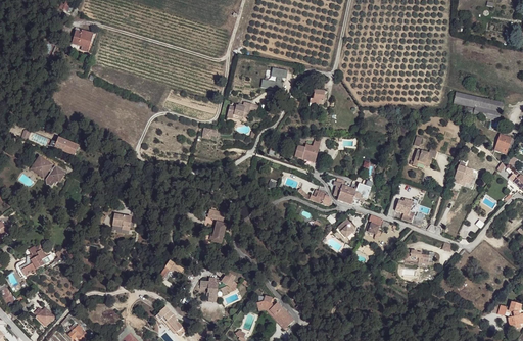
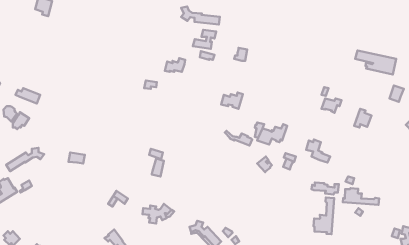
building: none -> [181,6,220,25]
building: none -> [6,148,44,171]
building: none -> [343,188,379,205]
building: none -> [313,198,334,234]

